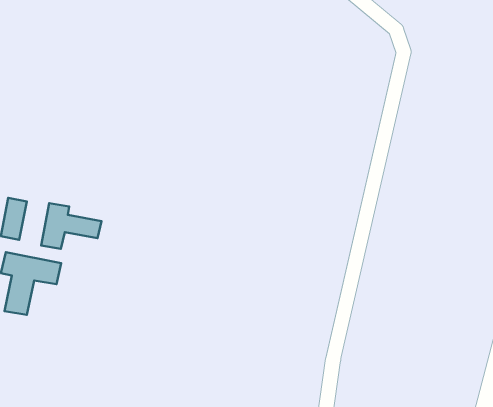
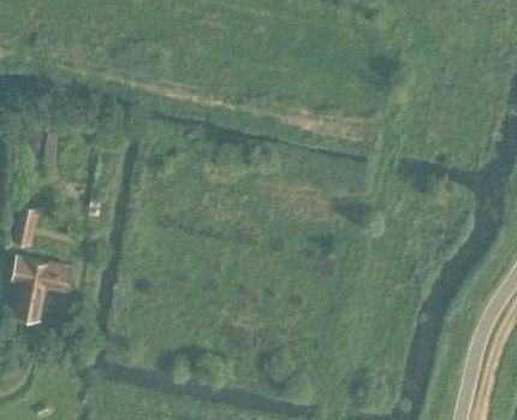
building: [41,203,101,249] -> none

